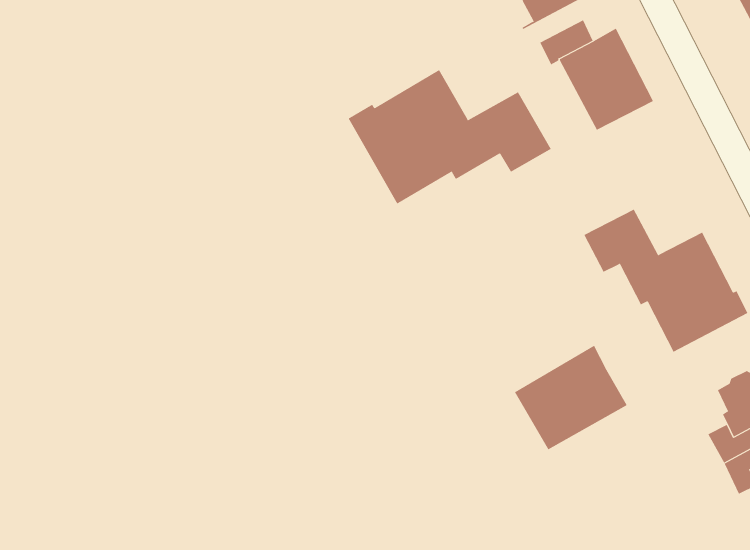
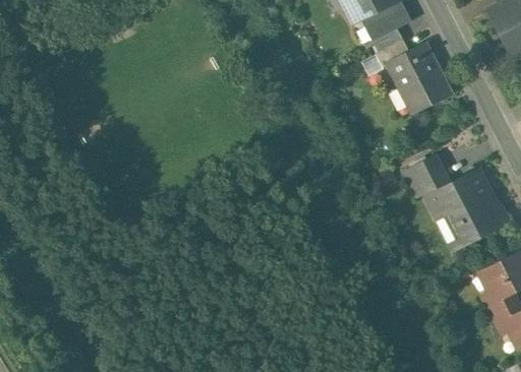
building: [348,69,551,204] -> none
building: [514,345,627,450] -> none

